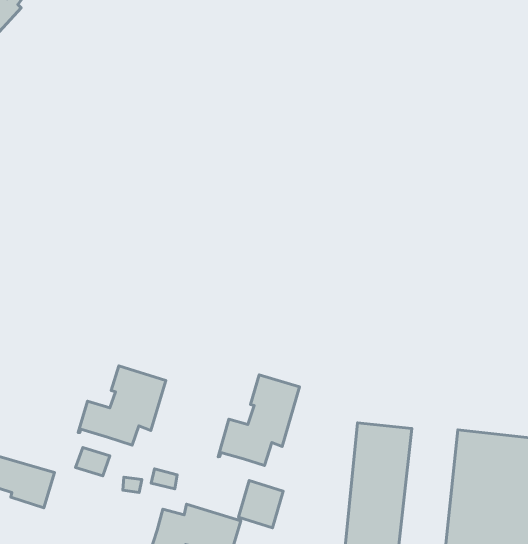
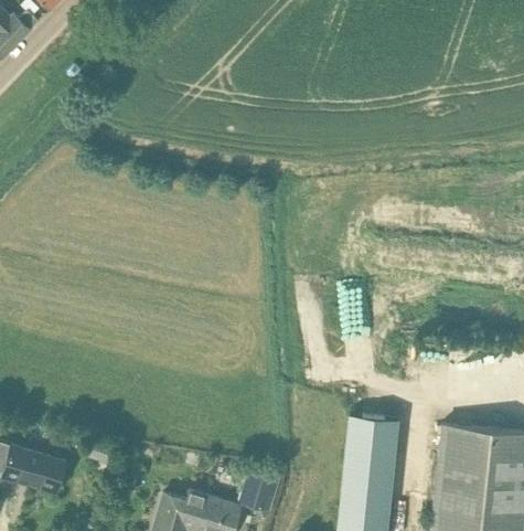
building: [78,366,166,445] -> none
building: [218,375,299,466] -> none

